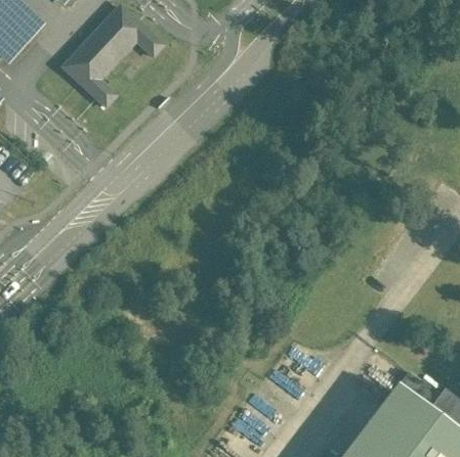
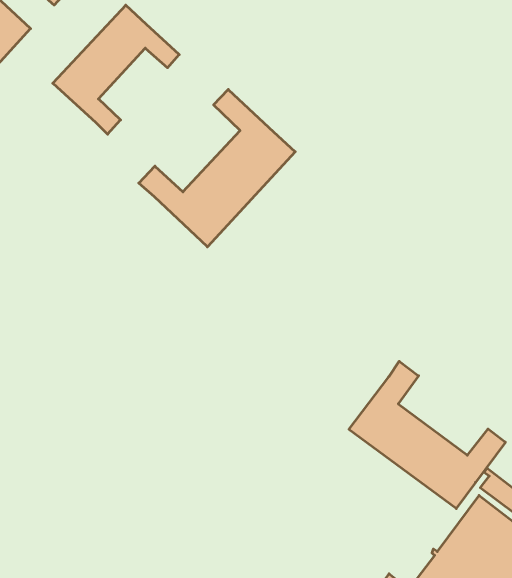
building: none -> [139,89,295,247]
building: none -> [349,361,505,509]

